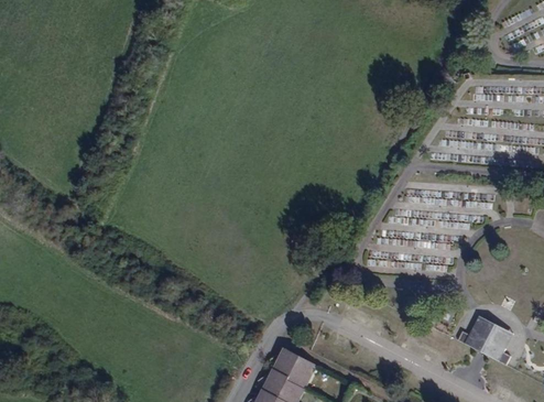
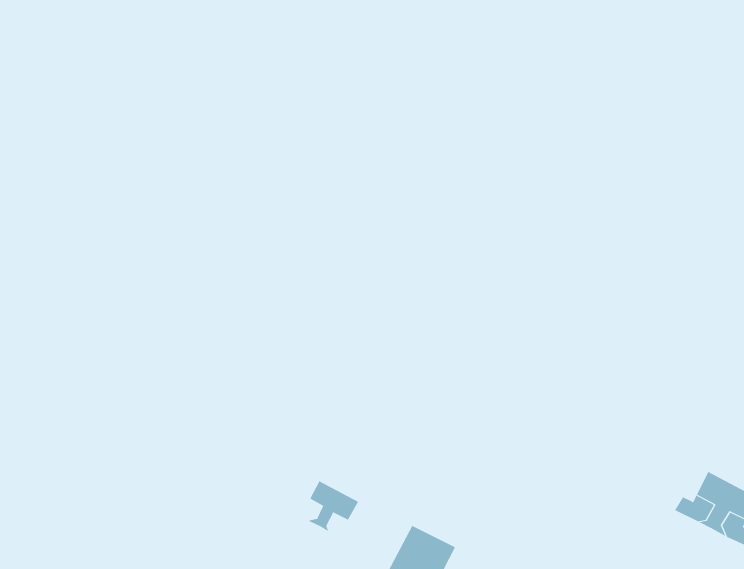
building: none -> [307,480,359,532]

